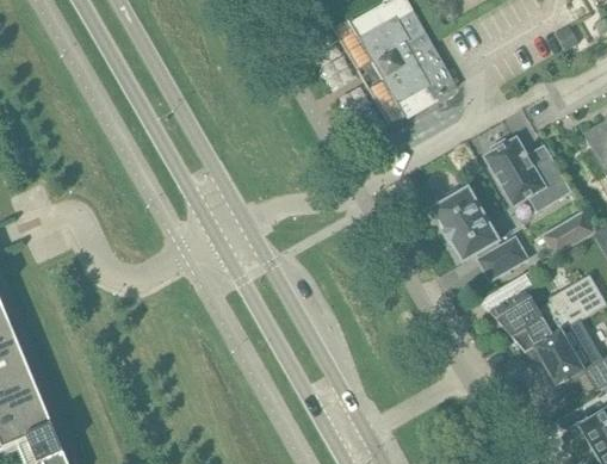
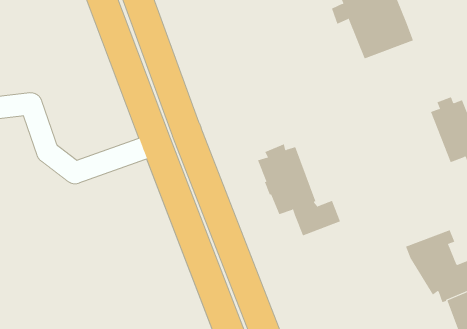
building: [432,188,527,280] -> [257,143,341,236]

